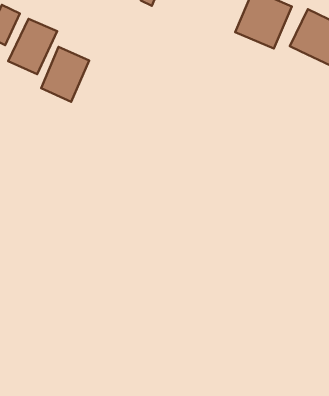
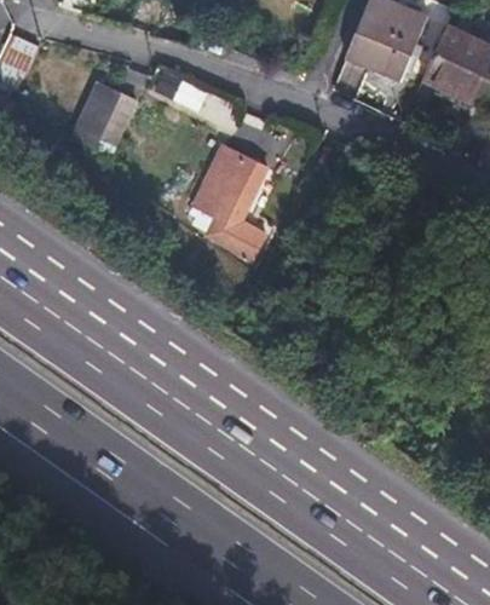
building: [8,19,57,74] -> none
building: none -> [184,146,266,261]

